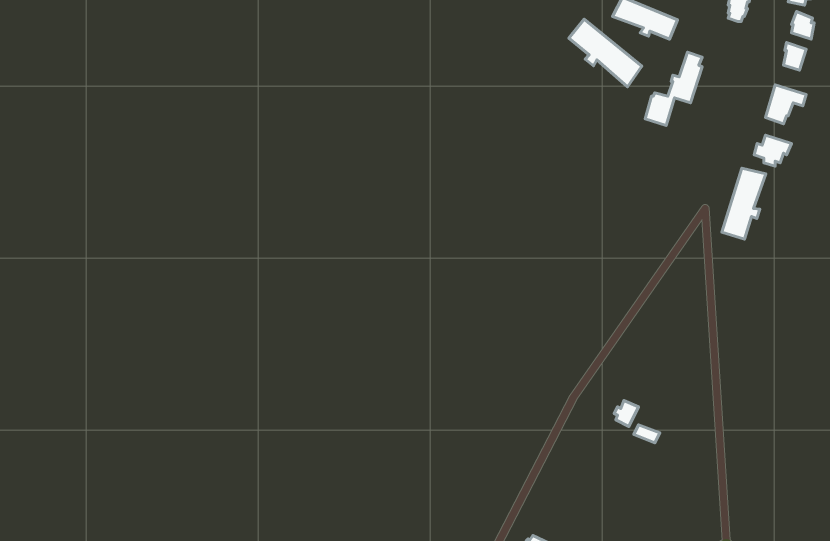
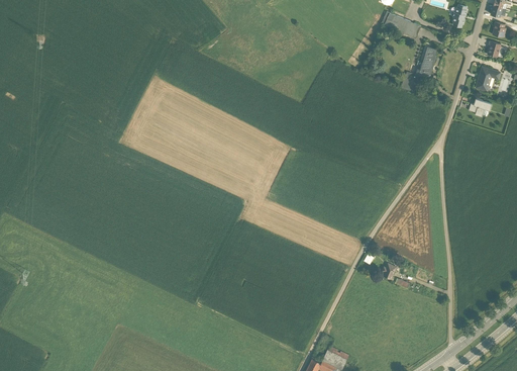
building: [569,19,642,87] -> none
building: [722,168,766,239] -> none

